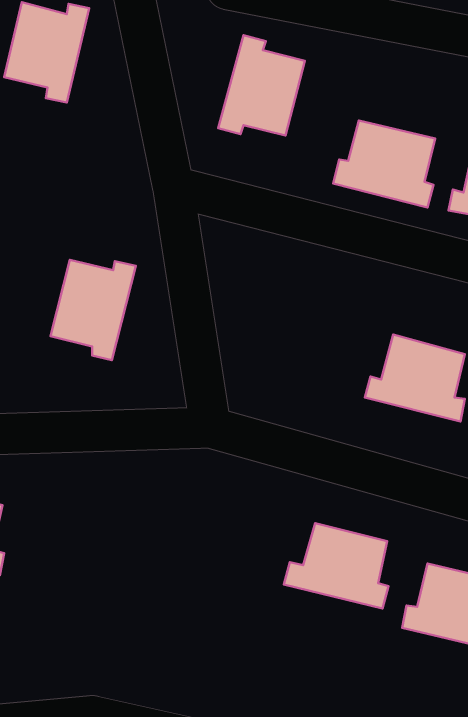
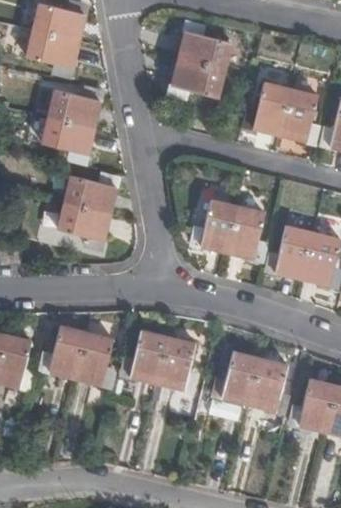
building: none -> [43,91,101,158]
building: none -> [195,201,262,259]
building: none -> [43,327,111,386]
building: none -> [125,332,192,389]

